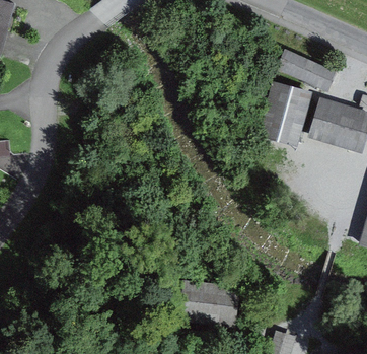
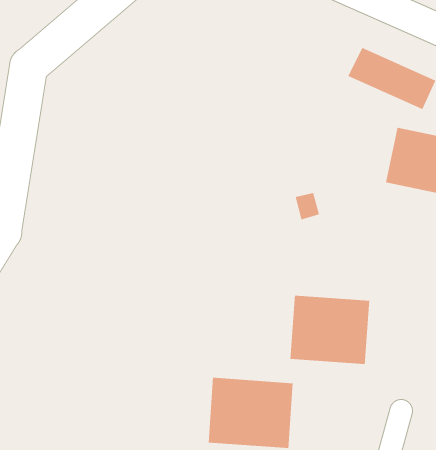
building: [251,80,308,145] -> none
building: none -> [290,295,370,365]

